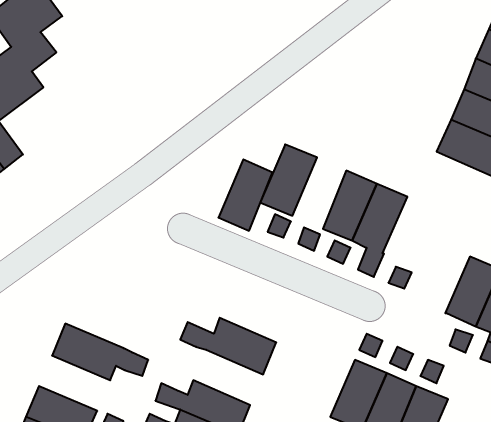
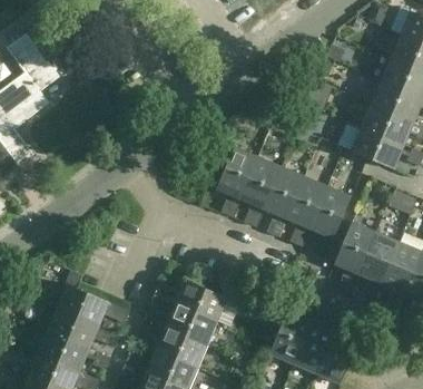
building: [218,159,272,231] -> [240,156,282,211]
building: none -> [309,186,352,240]
building: none -> [334,222,376,295]
building: none -> [145,303,218,346]
building: none -> [47,308,120,350]

